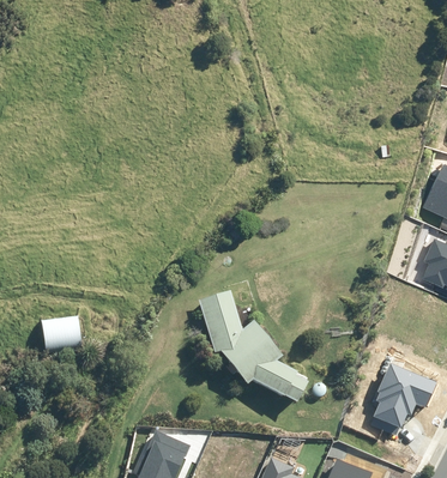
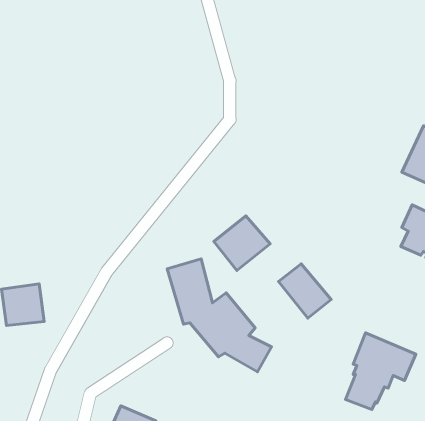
building: none -> [214,216,270,271]
building: none -> [278,264,331,318]

